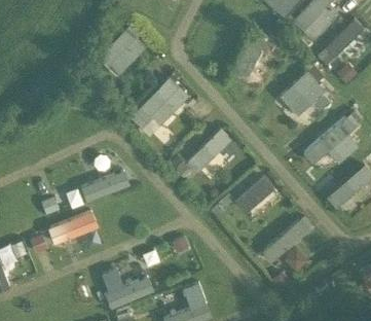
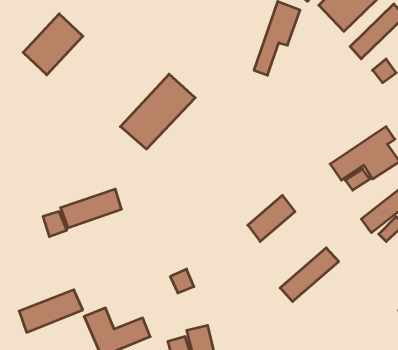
building: [98,26,147,76] -> [23,14,83,75]
building: [279,70,324,115] -> none
building: [186,127,239,181] -> none
building: [46,210,99,245] -> [19,290,83,332]

